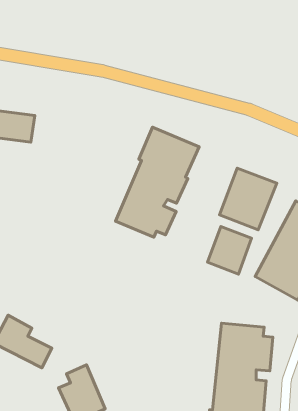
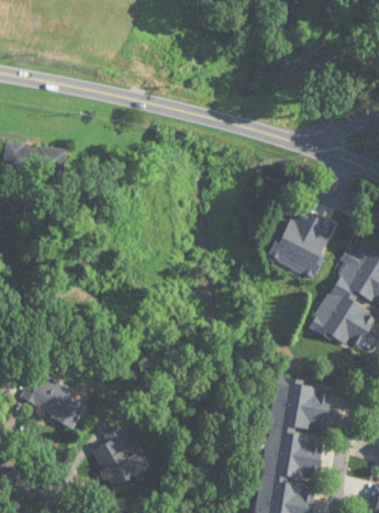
building: [115,127,199,237] -> none
building: [207,227,252,274] -> none

